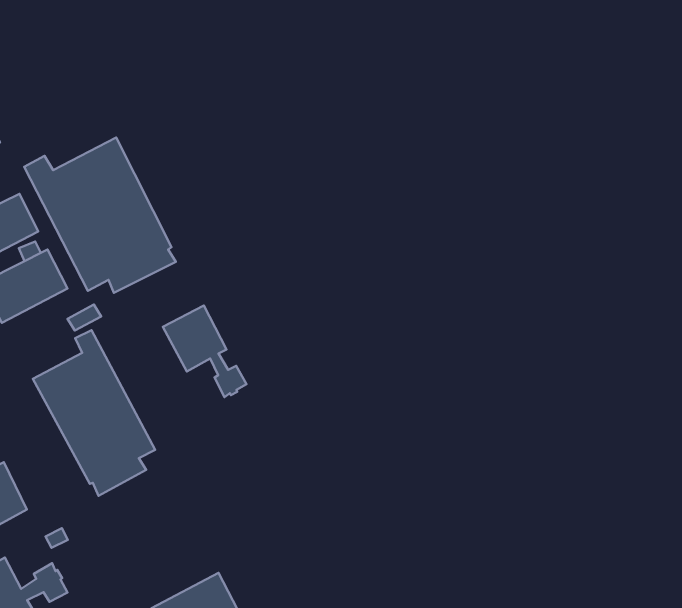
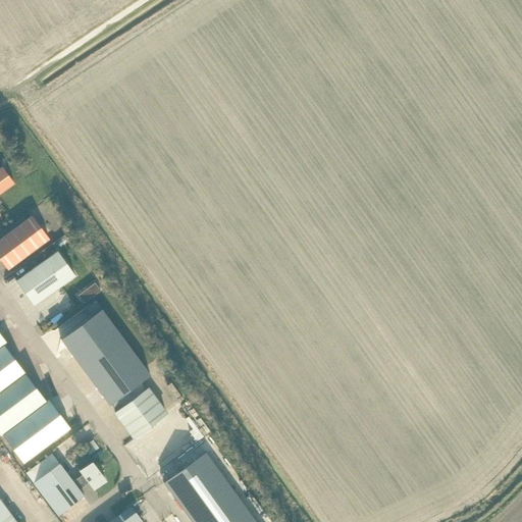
building: [24,138,176,293] -> none
building: [163,306,246,397] -> none
building: none -> [114,388,166,437]

